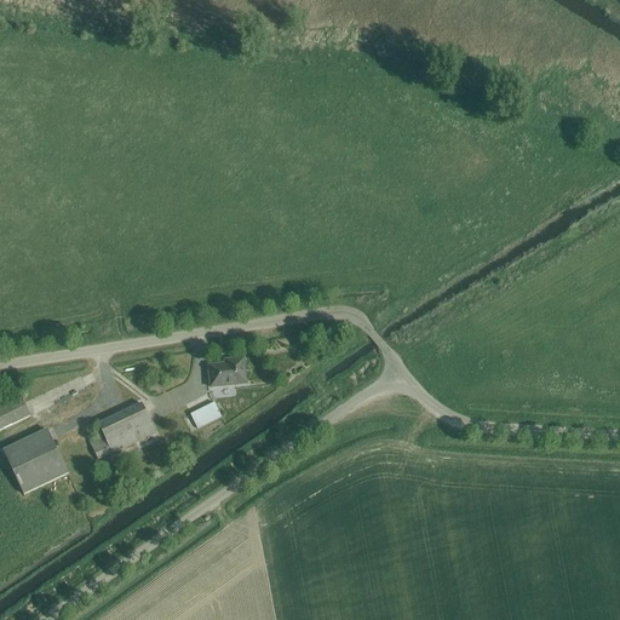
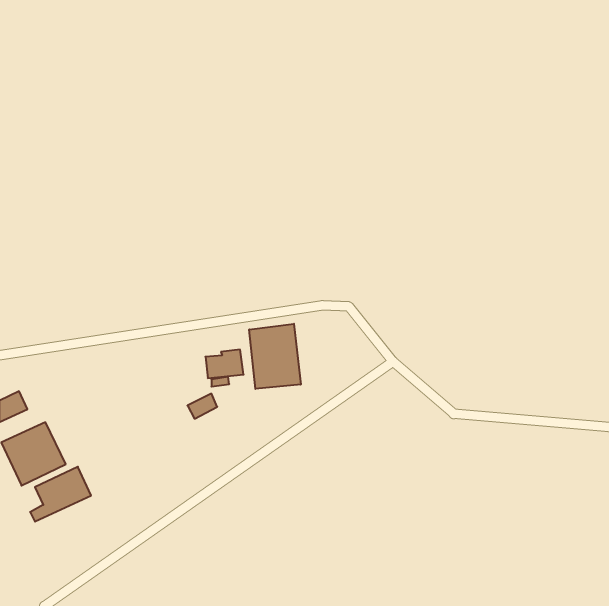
building: none -> [249,324,301,389]
building: [93,401,155,457] -> [30,467,91,522]

